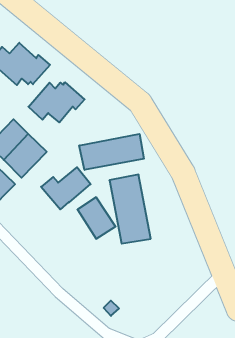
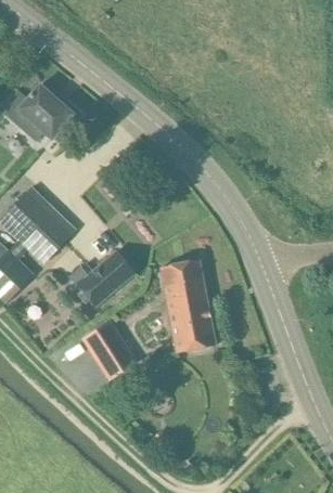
building: [28,82,85,122] -> none
building: [79,134,144,170] -> none
building: [77,197,116,239] -> [84,323,135,378]

